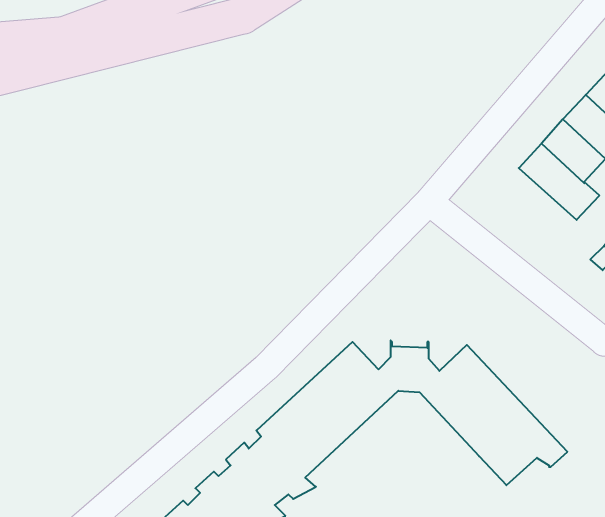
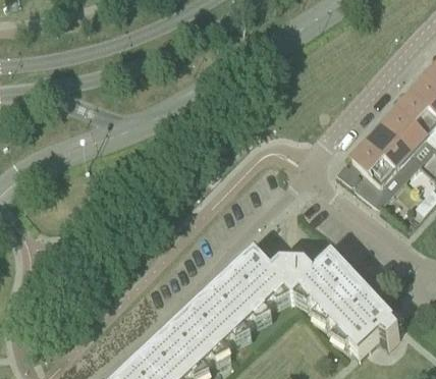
building: none -> [348,139,402,202]

